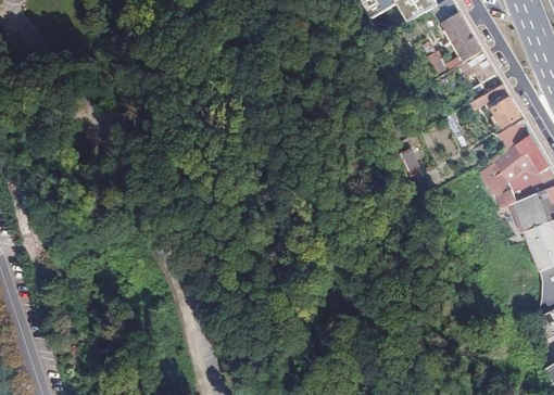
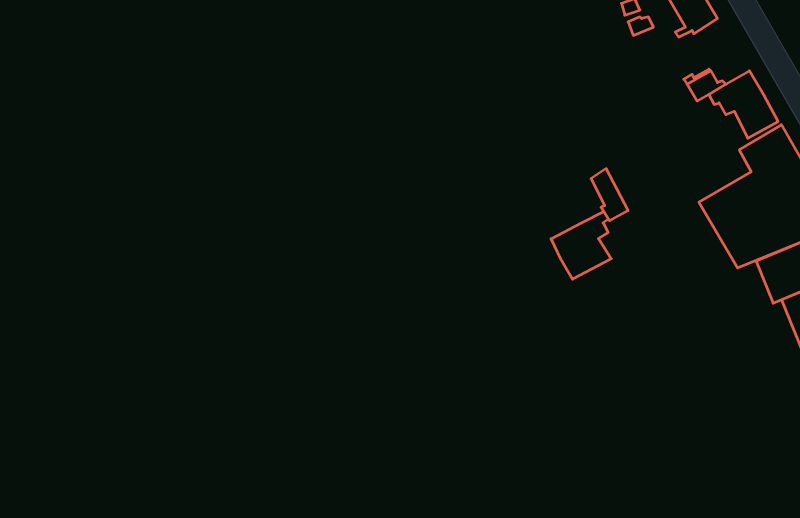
building: [467,52,496,85] -> none
building: none -> [551,212,611,279]

